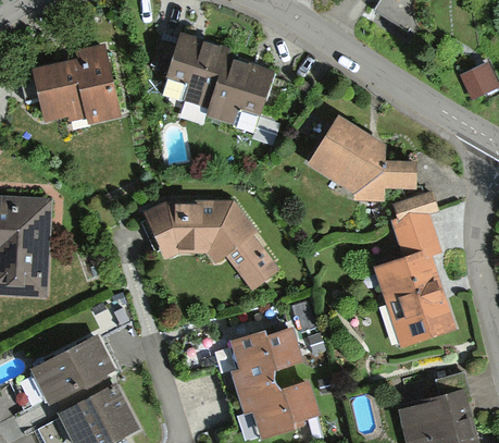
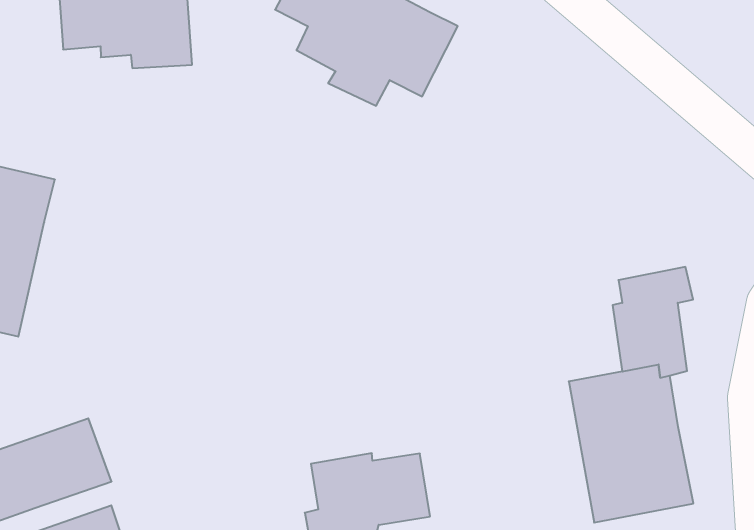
building: [308,116,415,200] -> none
building: [144,201,274,284] -> none

